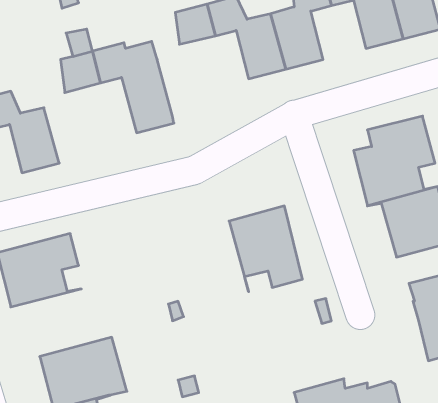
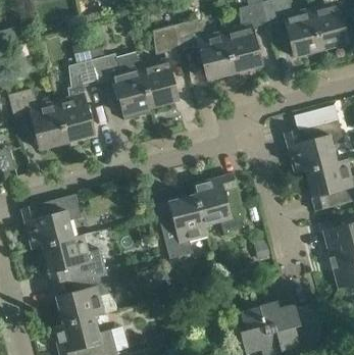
building: none -> [140,58,179,107]
building: none -> [56,94,95,142]
building: none -> [155,185,207,259]
building: none -> [32,235,106,285]

